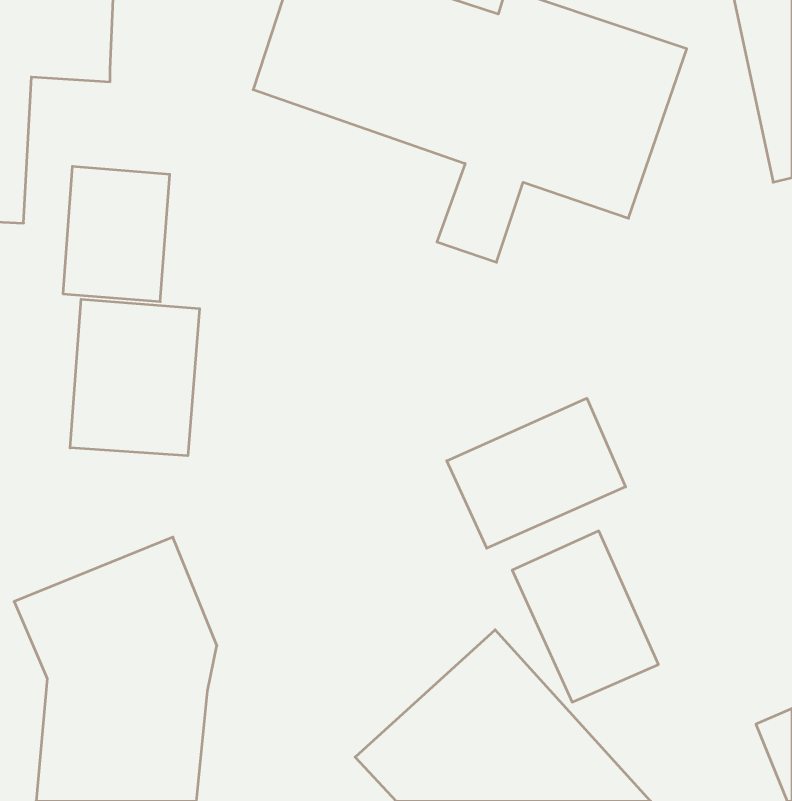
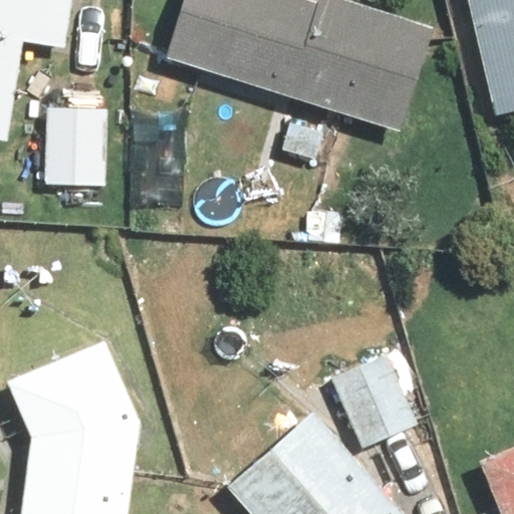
building: [70,299,200,456] -> none
building: [447,398,626,548] -> none

